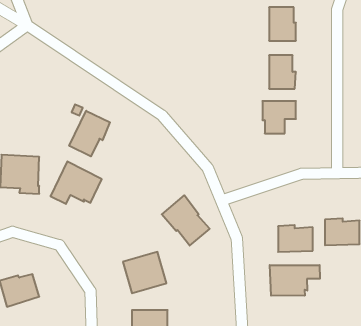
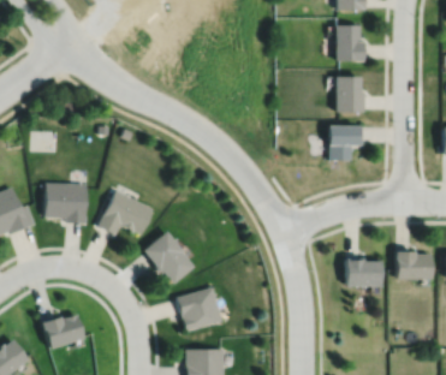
building: [69,111,110,156] -> none
building: [162,195,210,246] -> [143,231,195,285]
building: [270,265,320,296] -> none

